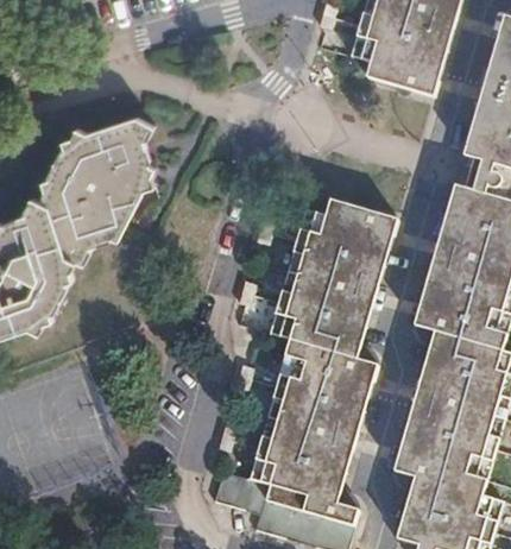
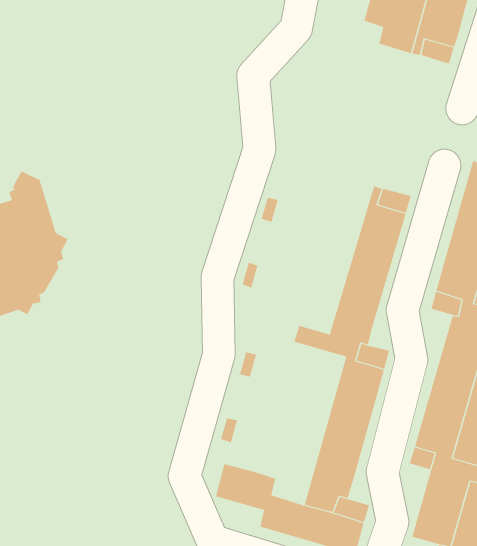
building: [38,114,153,261] -> none
building: [271,198,361,347] -> none
building: [252,354,335,507] -> none

